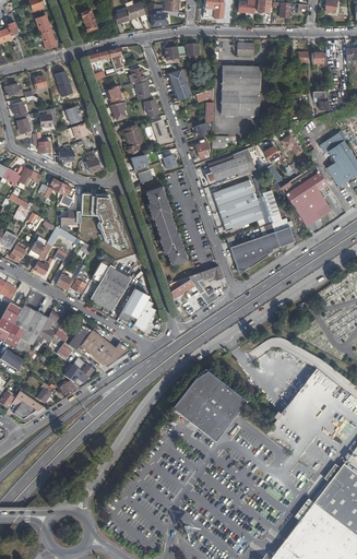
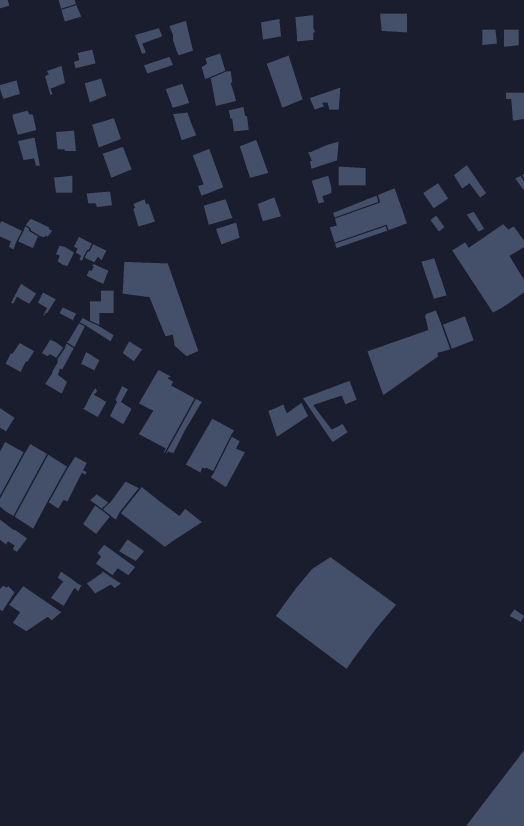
building: [221,64,261,115] -> none
building: [212,180,262,230] -> none
building: [146,186,188,264] -> none

